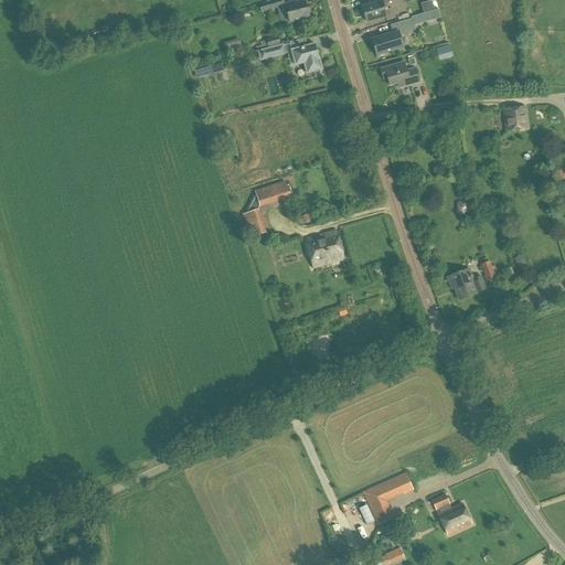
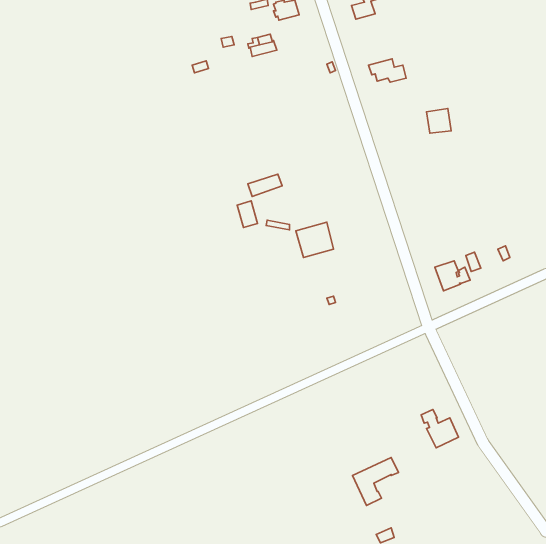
building: [372,18,415,54] -> none
building: [289,36,321,73] -> none
building: [503,105,529,130] -> [427,108,451,133]
building: [433,494,471,534] -> [421,409,458,448]

